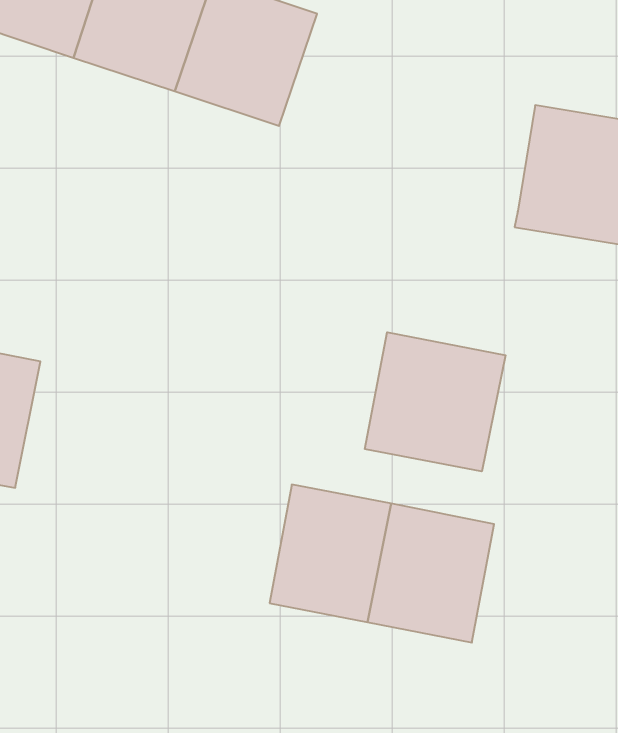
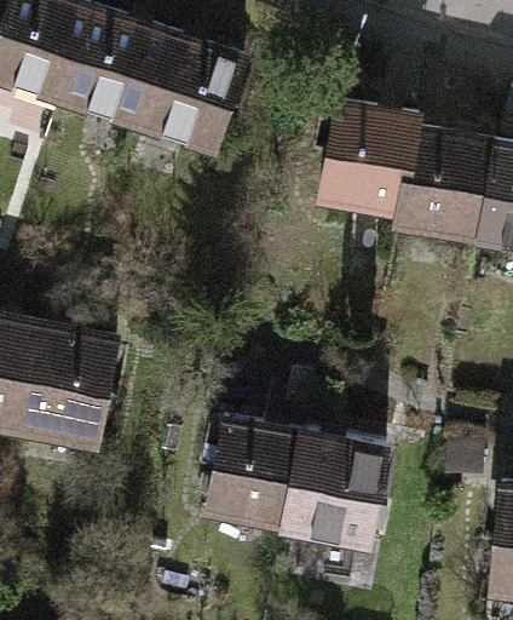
building: none -> [322,103,415,212]
building: [365,332,506,471] -> none
building: none -> [15,327,115,440]

